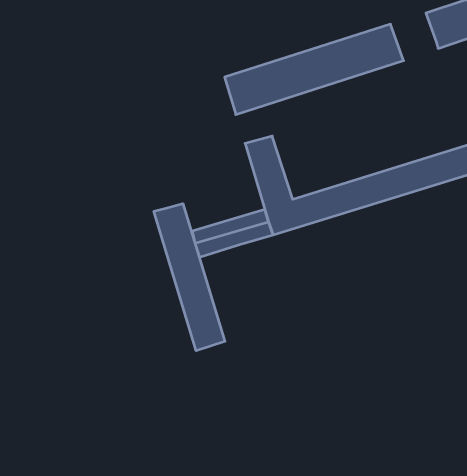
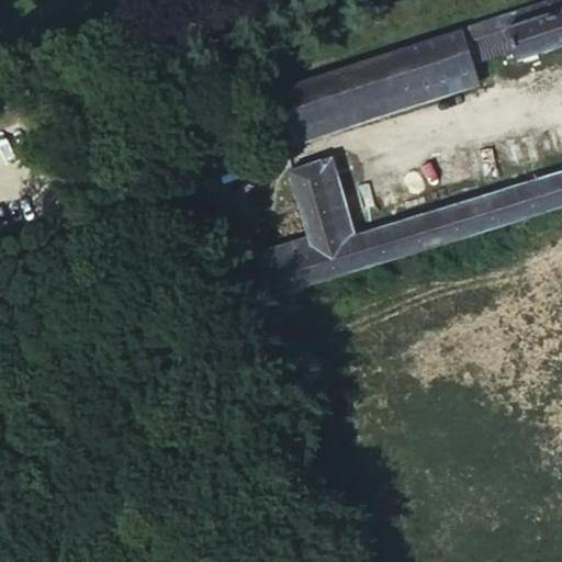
building: none -> [471,15,525,54]
building: [154,204,225,351] -> none

